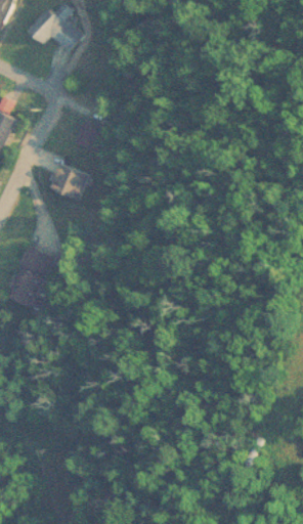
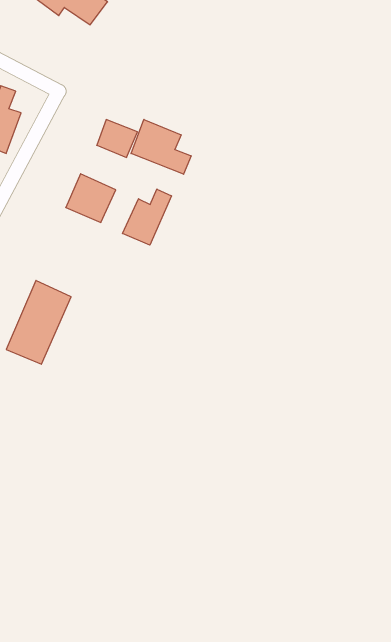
building: none -> [131,119,191,174]
building: none -> [123,189,171,245]

